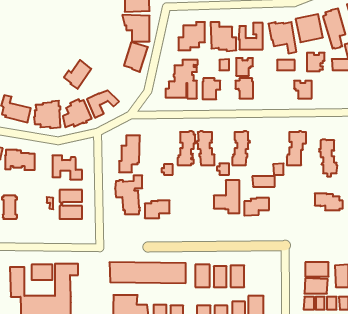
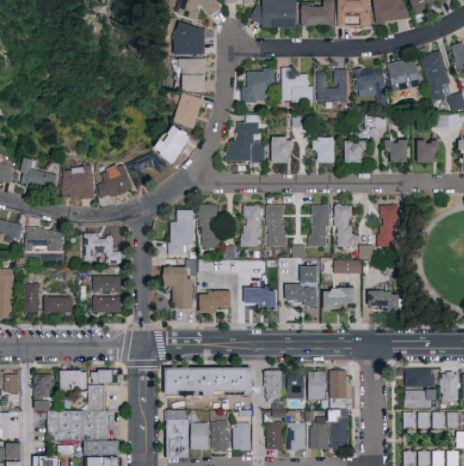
building: [307,53,325,71] -> [418,141,440,164]
building: [236,58,253,76] -> [346,141,367,163]
building: [64,60,91,89] -> [157,127,191,163]
building: none -> [198,204,220,246]
building: [319,139,337,176] -> [333,204,356,250]
building: [315,193,343,210] -> [369,290,404,311]
building: none -> [245,285,276,309]
building: none -> [45,296,73,313]
building: none -> [329,369,349,398]

